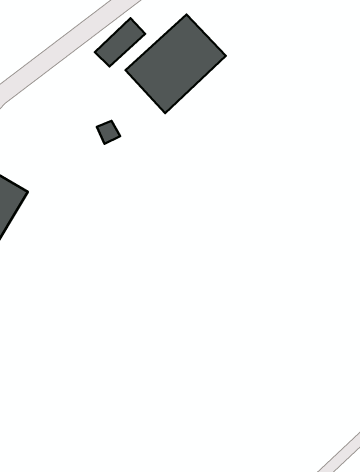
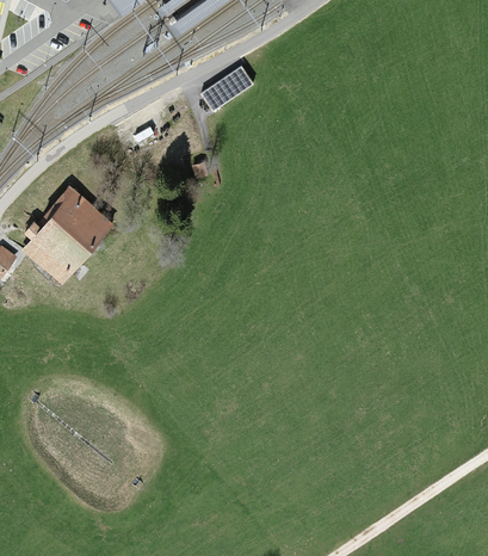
building: [126,14,226,113] -> none

